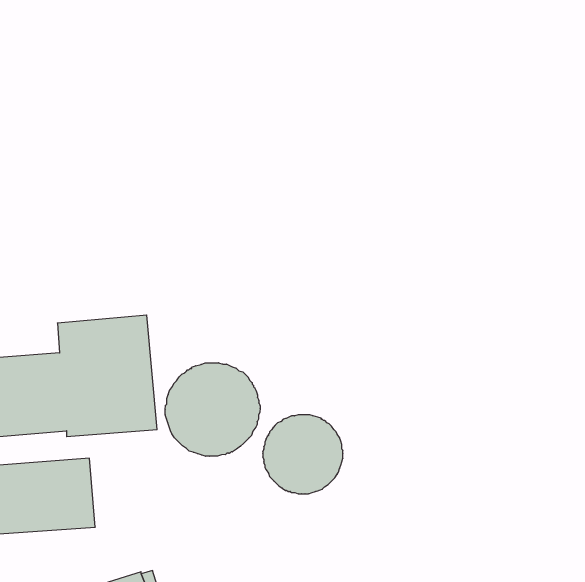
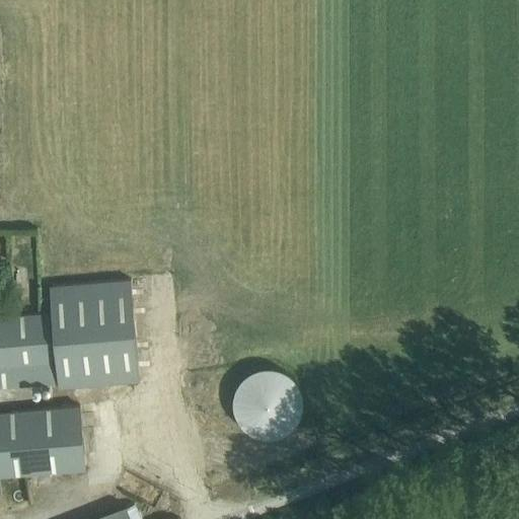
building: [165,363,260,456] -> none

